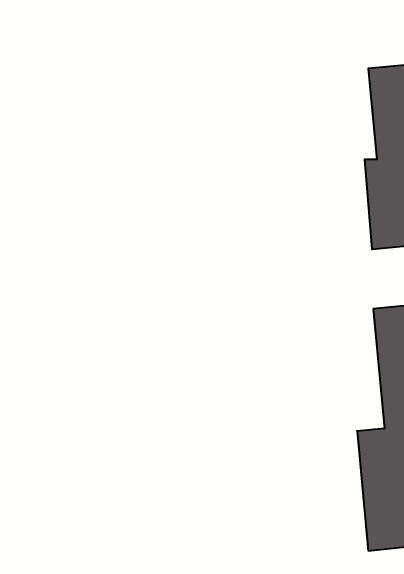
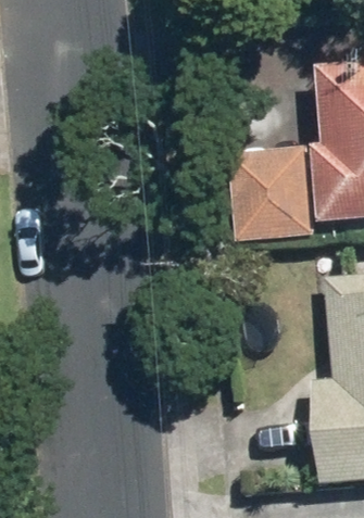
building: none -> [233,143,319,239]

